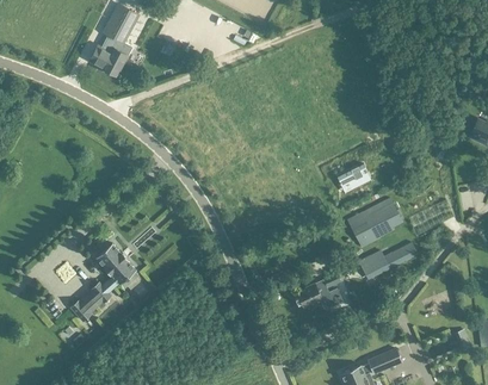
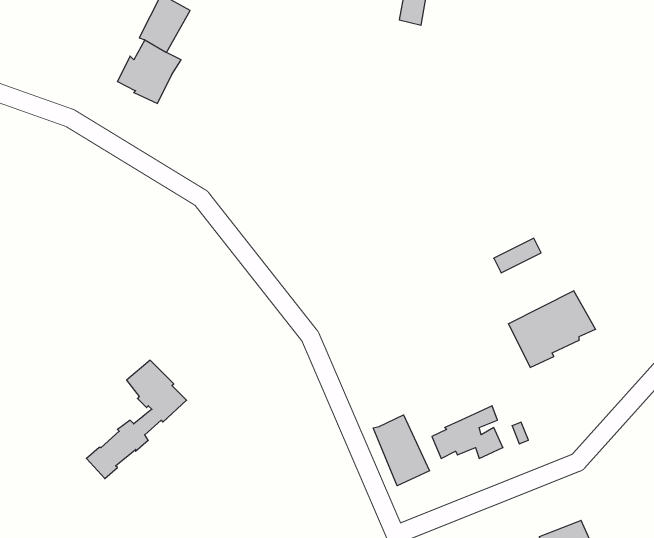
building: [358,242,418,280] -> none
building: none -> [373,415,429,486]

